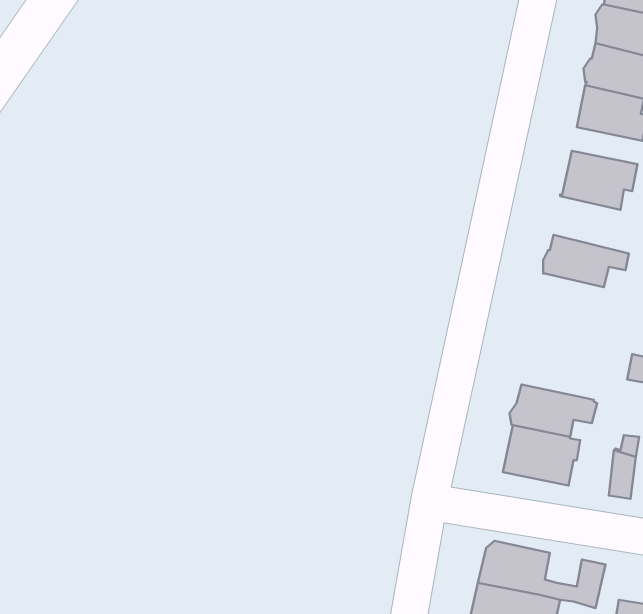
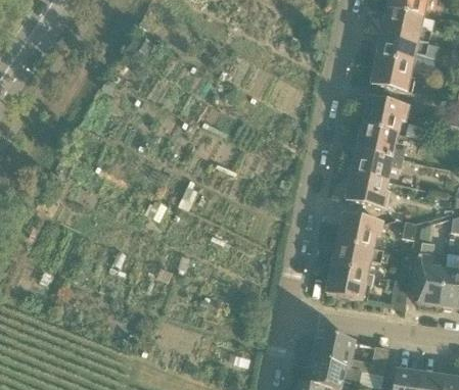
building: none -> [358,125,407,159]
building: none -> [347,172,391,207]
building: none -> [338,213,384,248]

